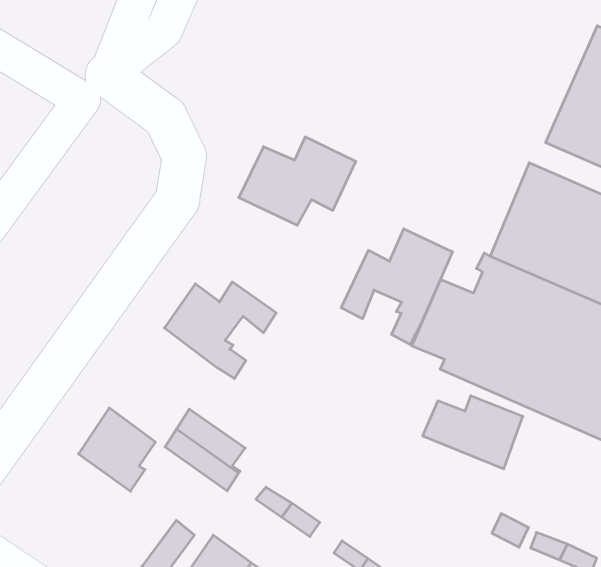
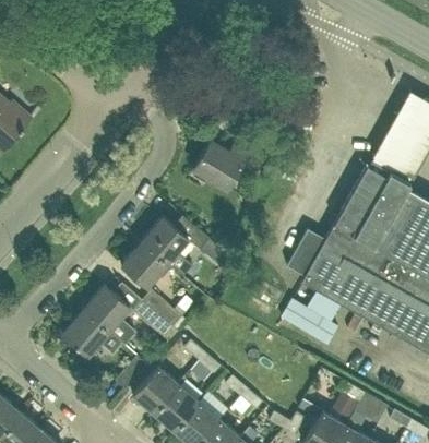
building: [341,229,453,345] -> none
building: none -> [120,241,169,288]
building: none -> [61,310,121,357]

